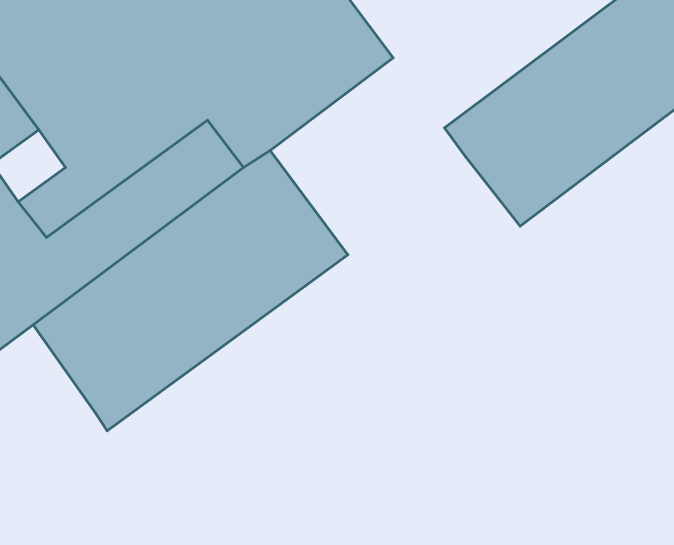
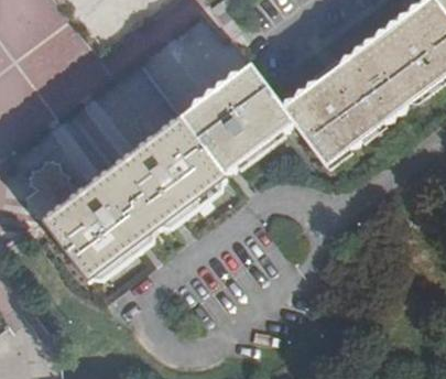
building: none -> [183,68,296,183]

